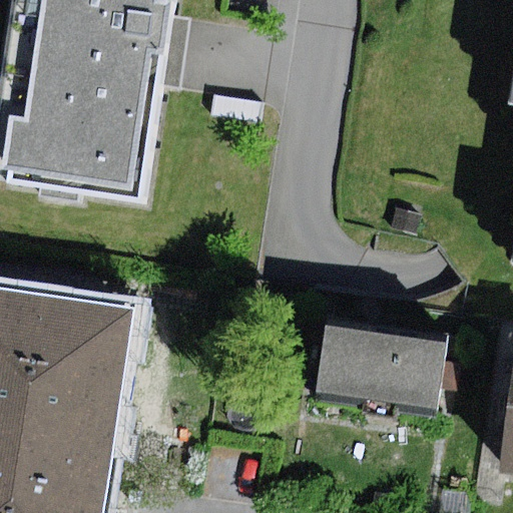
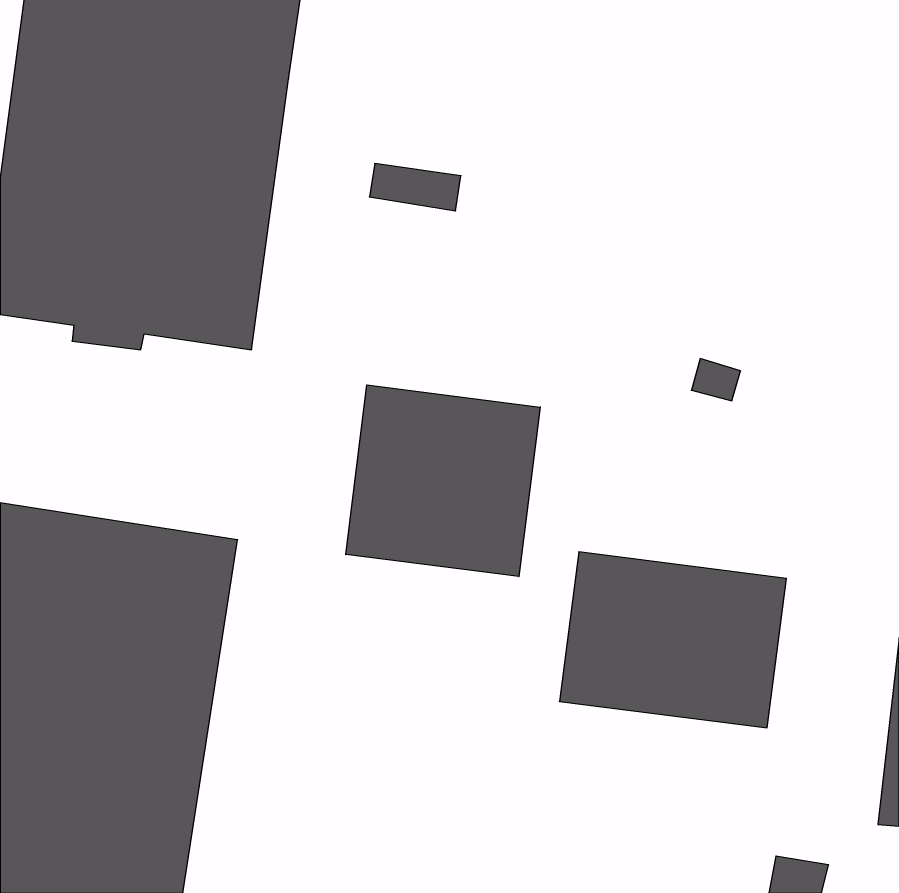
building: none -> [346,385,540,577]

